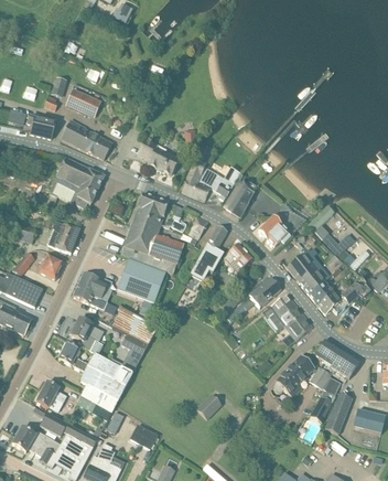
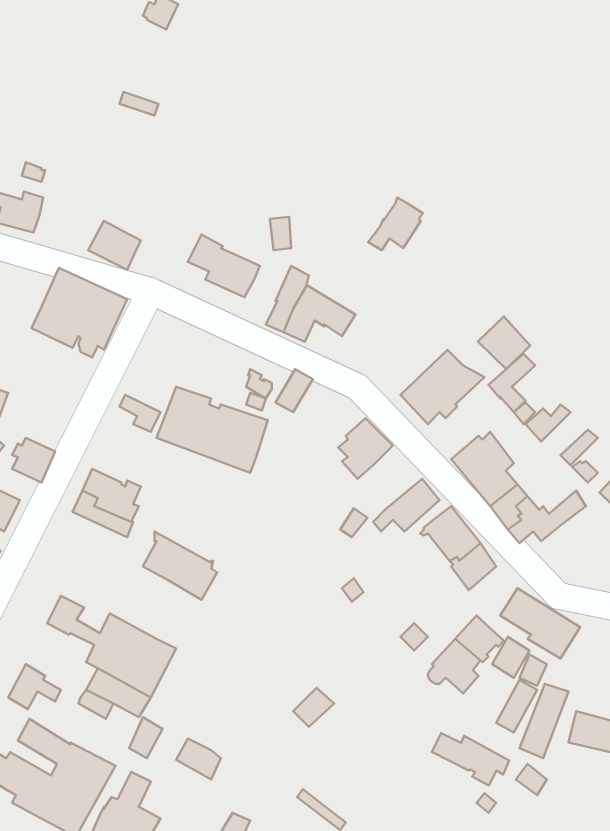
building: [65,89,101,118] -> none
building: [61,119,90,148] -> none
building: [224,181,255,211] -> [368,197,423,250]
building: none -> [478,316,530,369]
building: [131,193,169,237] -> none
building: [46,221,80,253] -> none
building: [191,225,227,282] -> none
building: [117,258,165,320] -> none
building: [71,318,103,351] -> none
building: [120,334,146,373] -> none
building: none -> [432,733,509,786]

